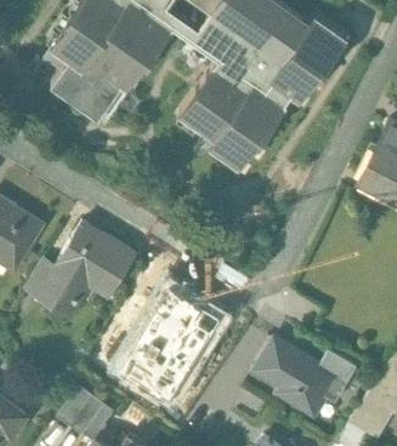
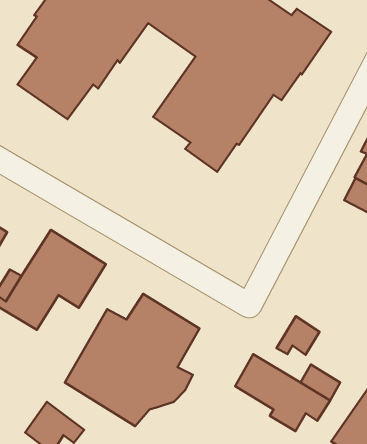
building: none -> [277,316,319,355]

